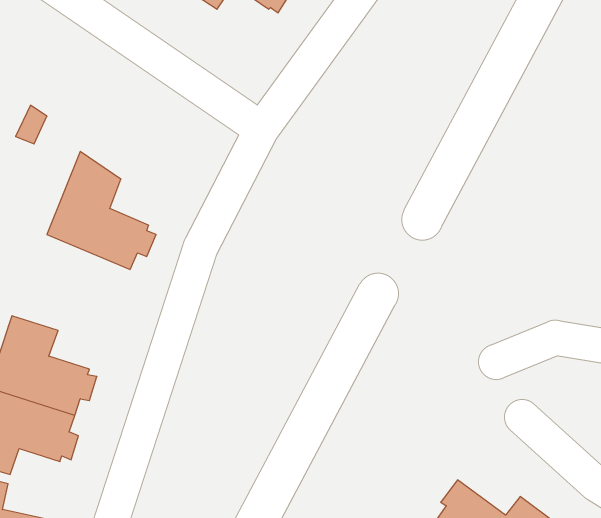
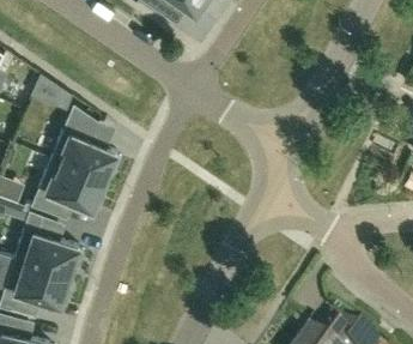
building: none -> [31,158,107,217]

